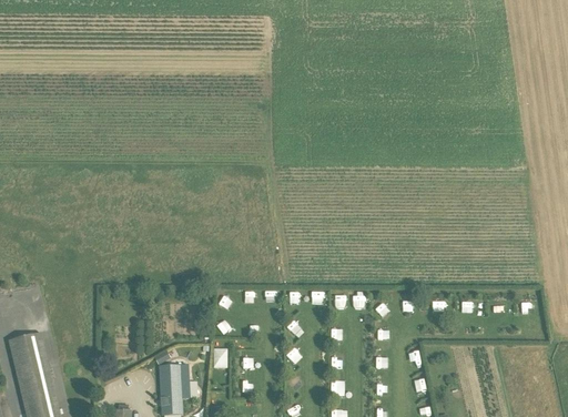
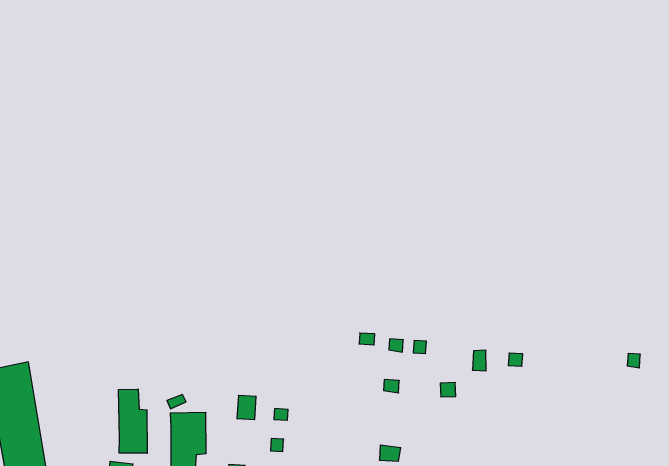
building: none -> [119,389,147,453]

